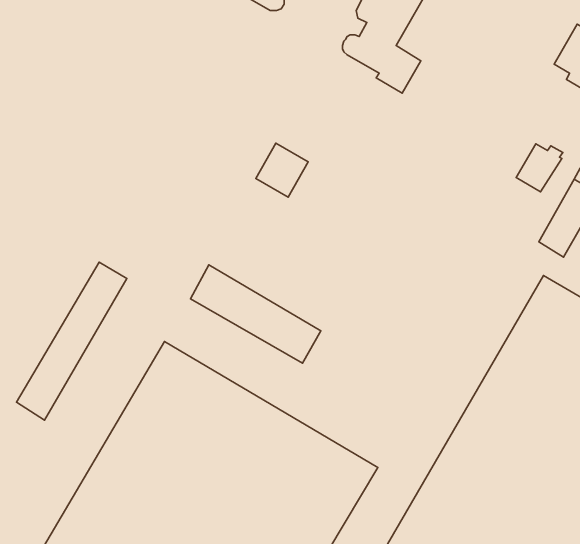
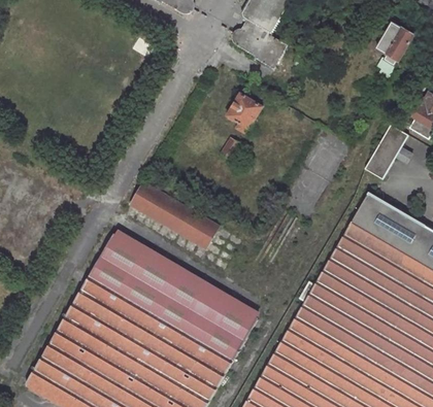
building: [256,143,308,197] -> [230,91,265,127]
building: [516,144,563,192] -> none
building: [16,262,127,420] -> none

